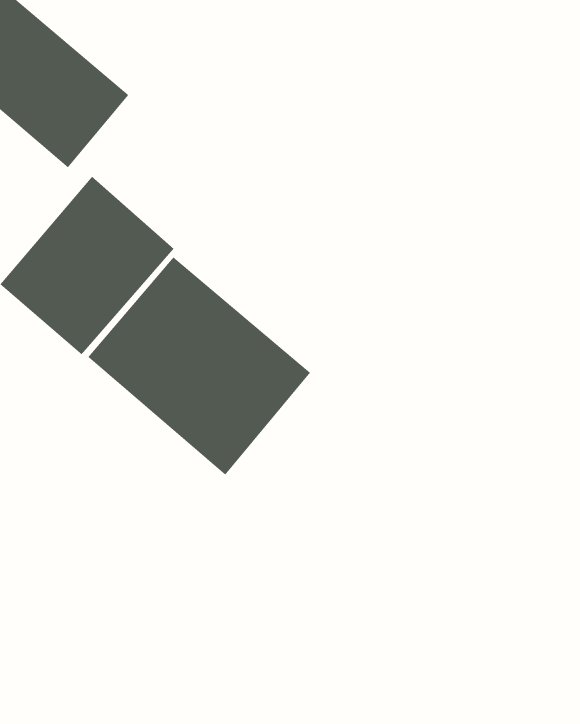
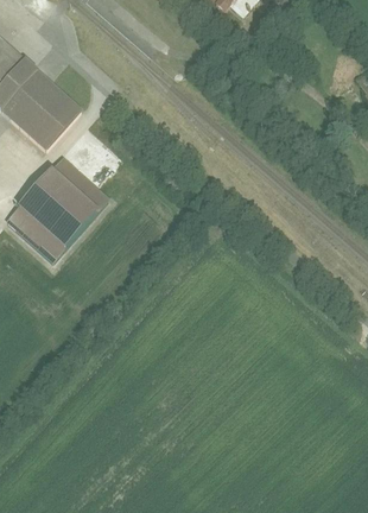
building: [87,257,311,475] -> none

